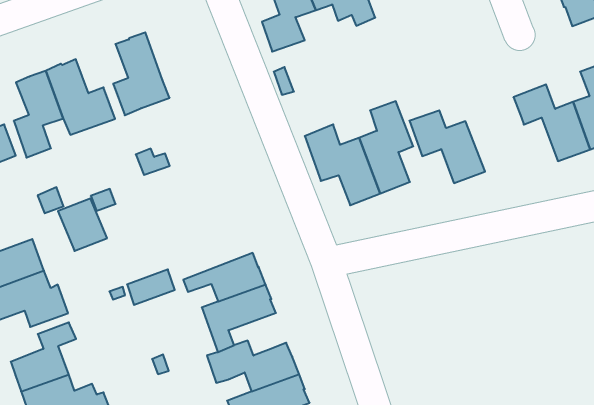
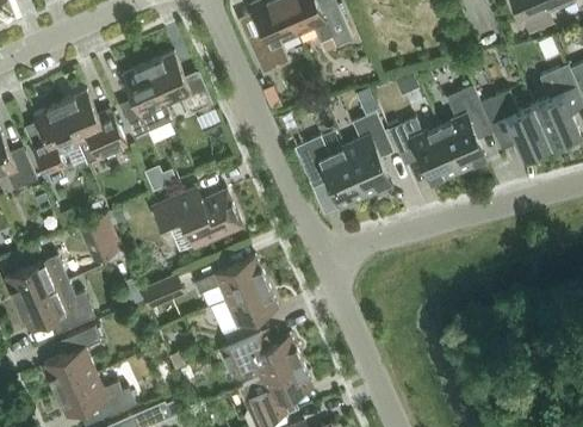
building: none -> [147,52,212,115]
building: none -> [438,86,488,171]
building: none -> [151,191,241,247]

